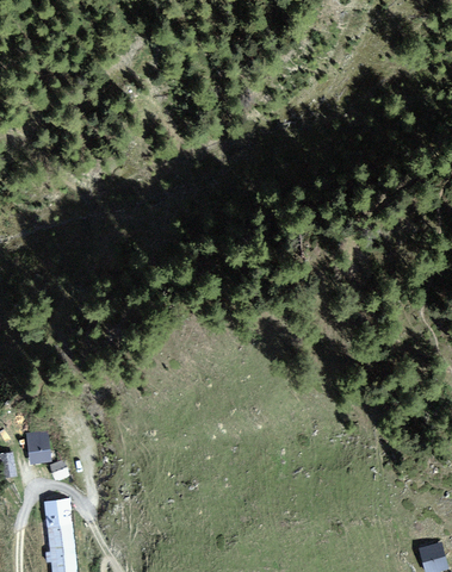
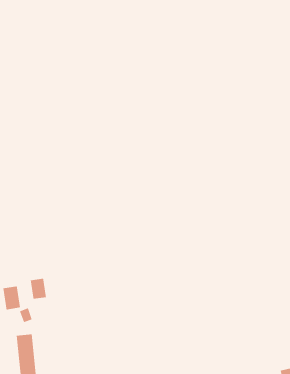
building: none -> [30,278,46,300]

